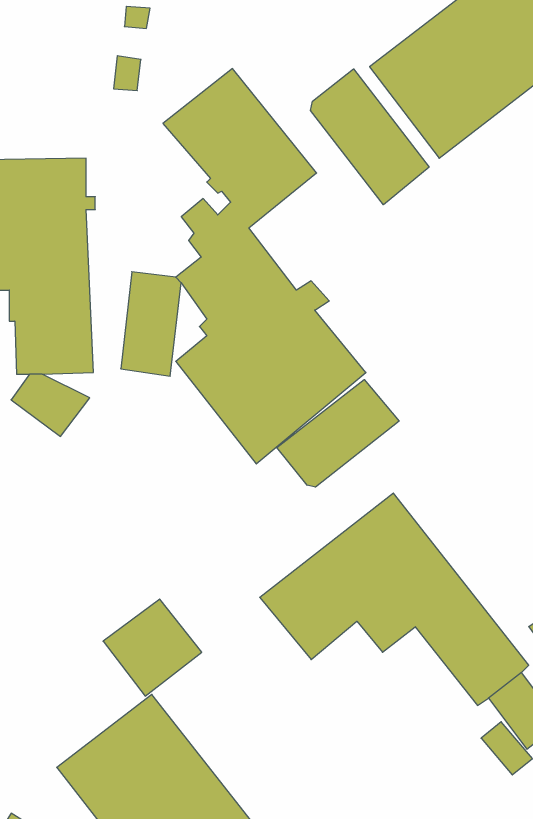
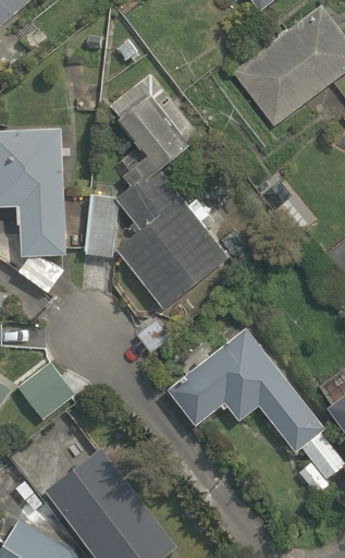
building: [311,69,429,205] -> none
building: [277,380,399,487] -> none
building: [103,599,202,696] -> [16,363,75,421]

